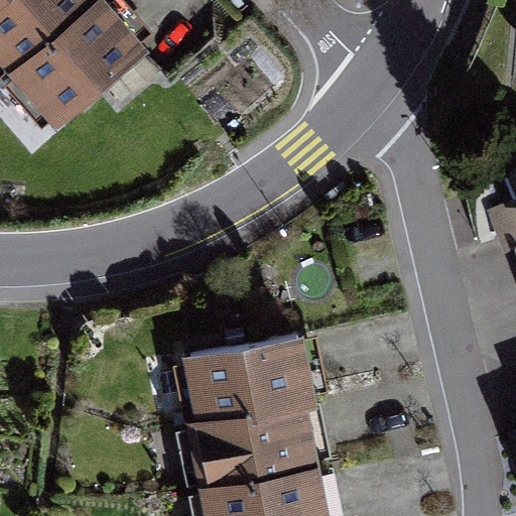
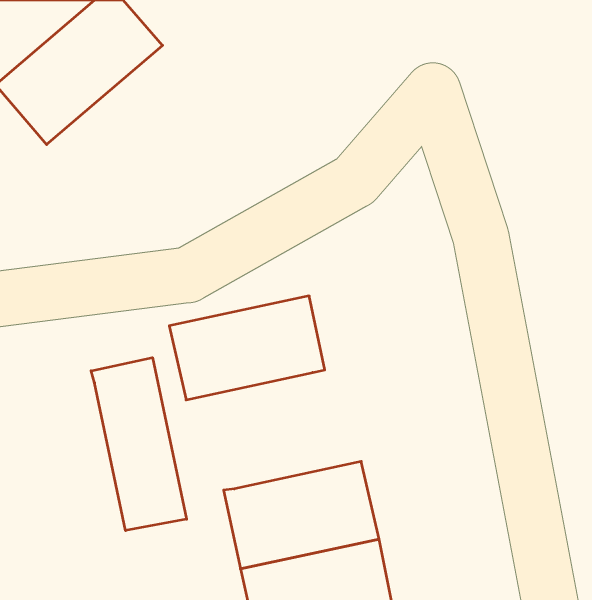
building: none -> [91,358,187,531]
building: [183,334,314,421] -> [169,296,325,400]

